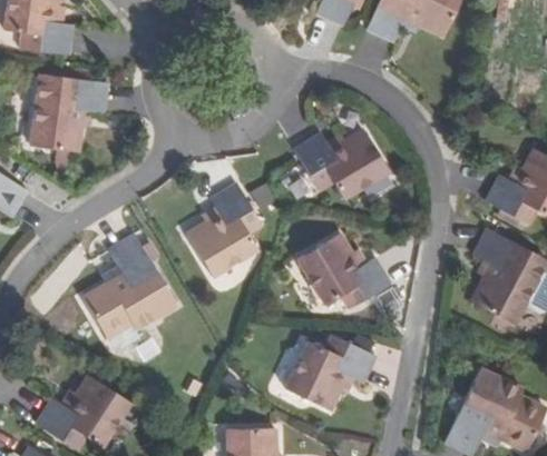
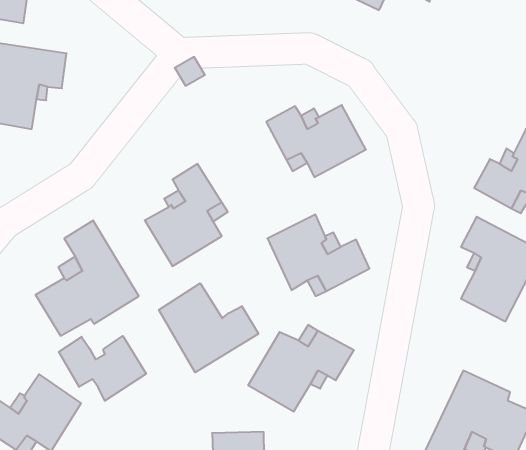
building: none -> [159,283,258,372]
building: none -> [59,336,146,401]

